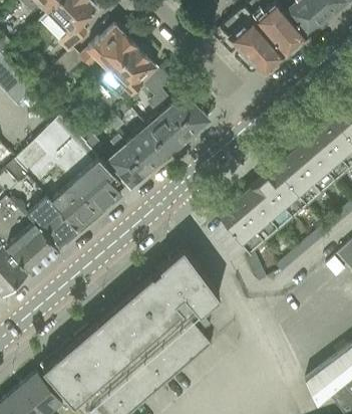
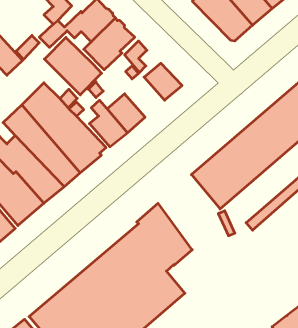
building: none -> [44,37,102,95]
building: [145,113,189,156] -> none

